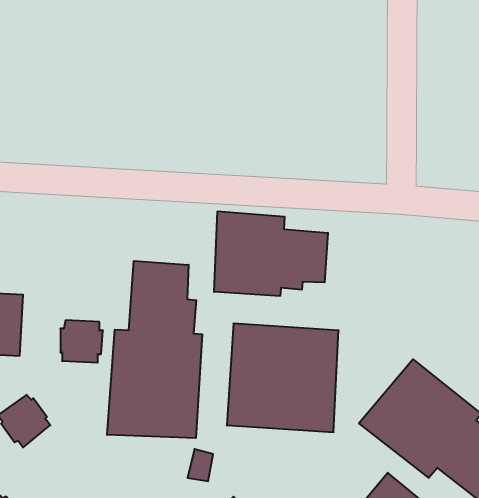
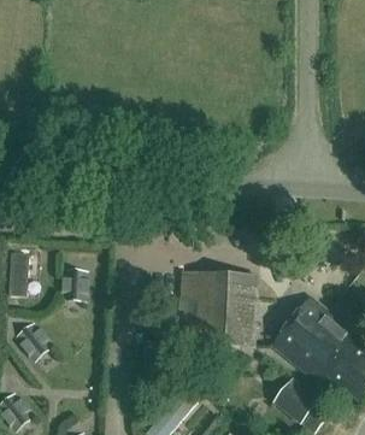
building: [214,211,328,296] -> none
building: [107,261,202,438] -> none

